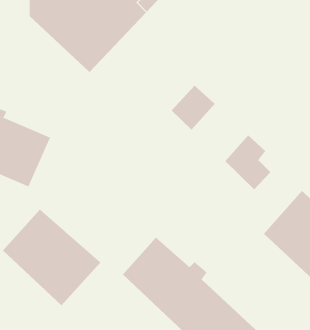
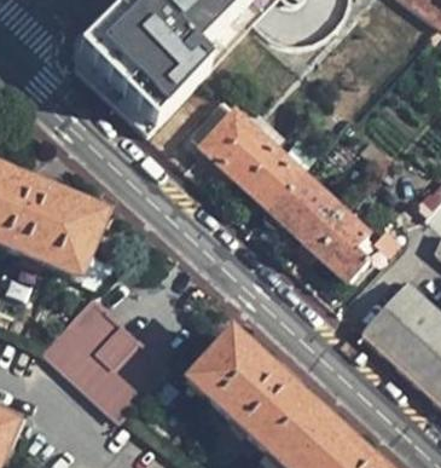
building: none -> [197,100,278,180]
building: none -> [274,172,343,242]

